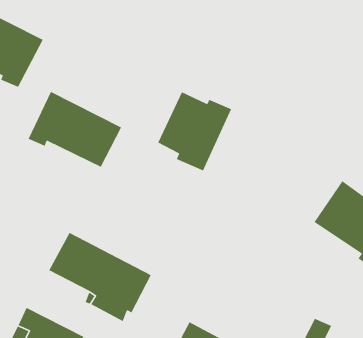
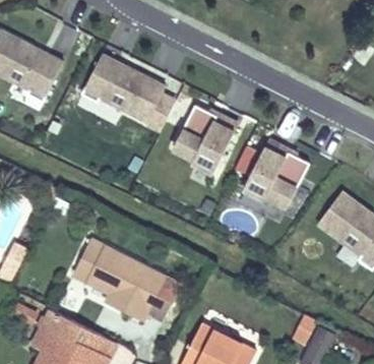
building: [27,91,122,168] -> [81,54,169,125]
building: none -> [243,140,309,219]

